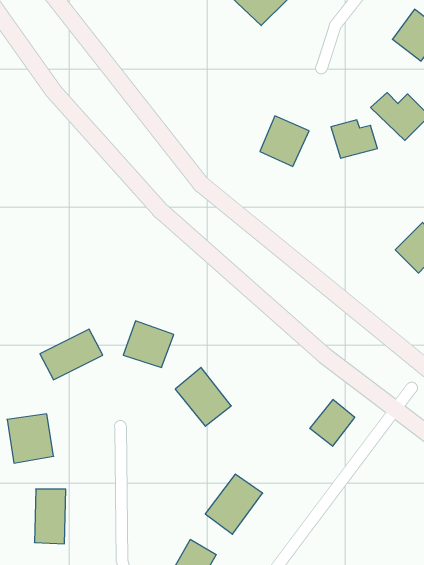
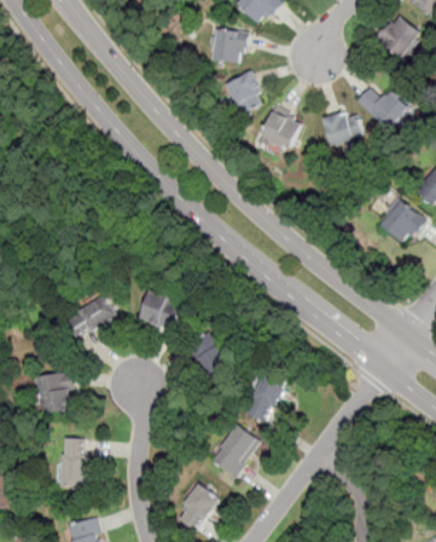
building: none -> [211,29,248,64]
building: none -> [221,71,264,114]
building: [310,400,355,446] -> [246,371,286,413]

